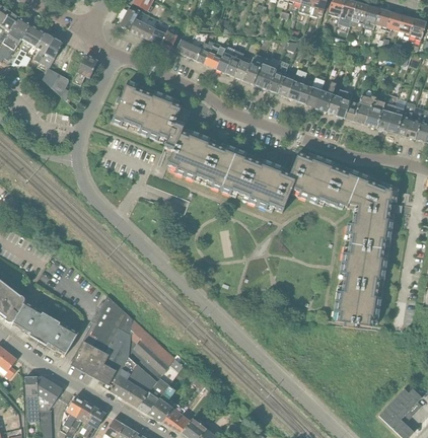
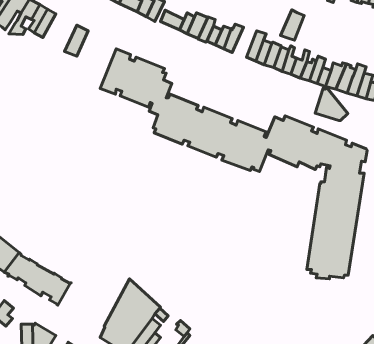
building: [253,57,278,89] -> [281,10,304,40]
building: [43,68,70,100] -> none
building: none -> [315,87,348,120]
building: [71,295,142,378] -> none

